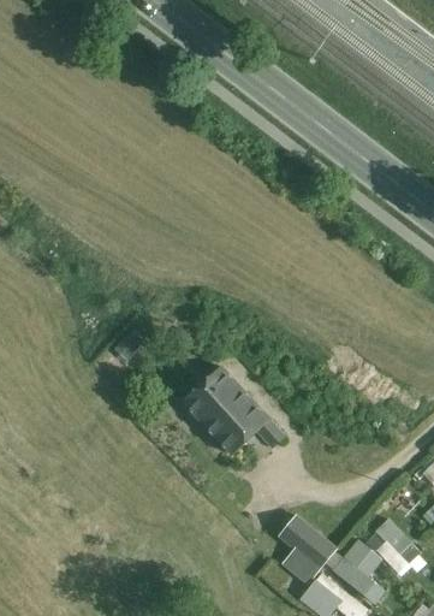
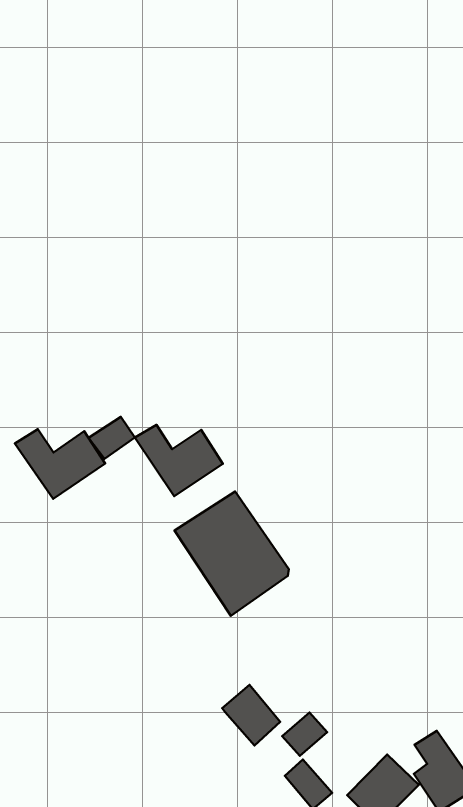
building: none -> [135,425,223,496]
building: none -> [15,429,105,499]
building: [295,528,337,570] -> [222,685,280,745]

